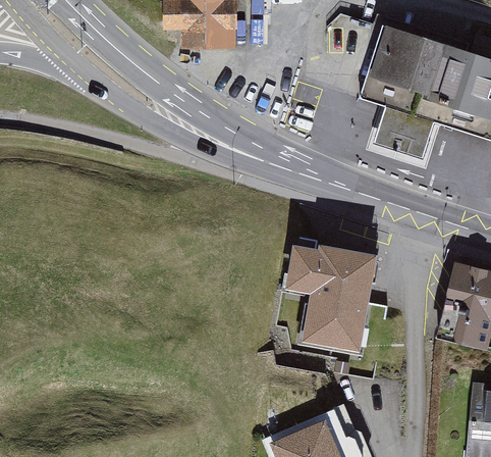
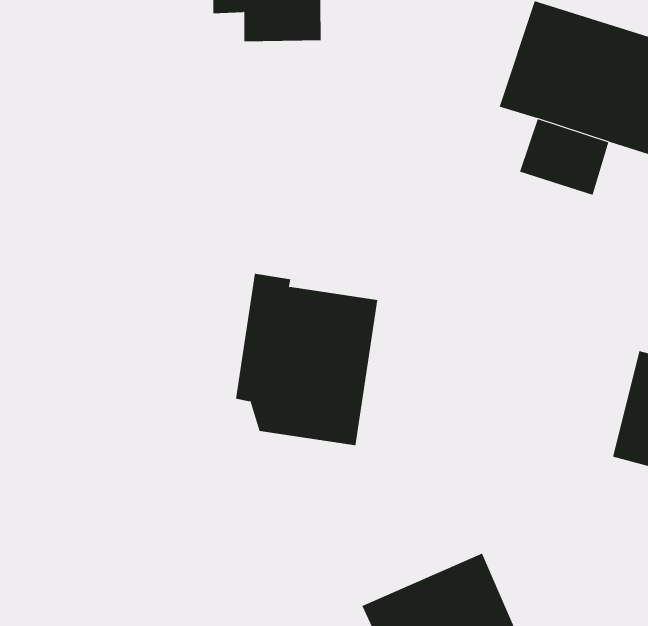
building: [279,238,378,357] -> [235,273,378,446]

